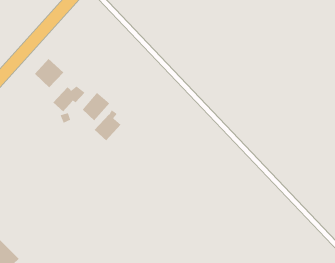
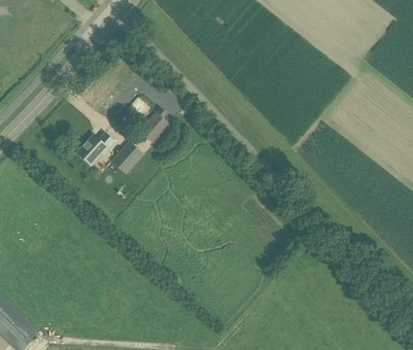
building: [34,58,64,88] -> none
building: [94,109,121,141] -> [138,105,170,142]

